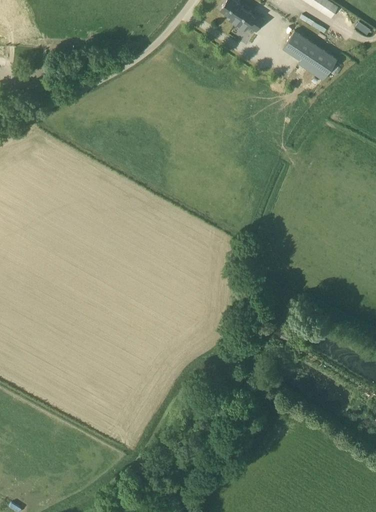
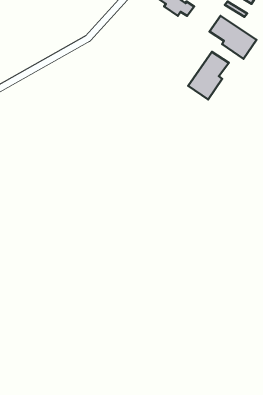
building: none -> [188,52,229,99]

